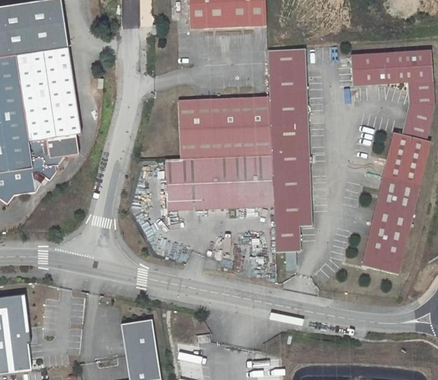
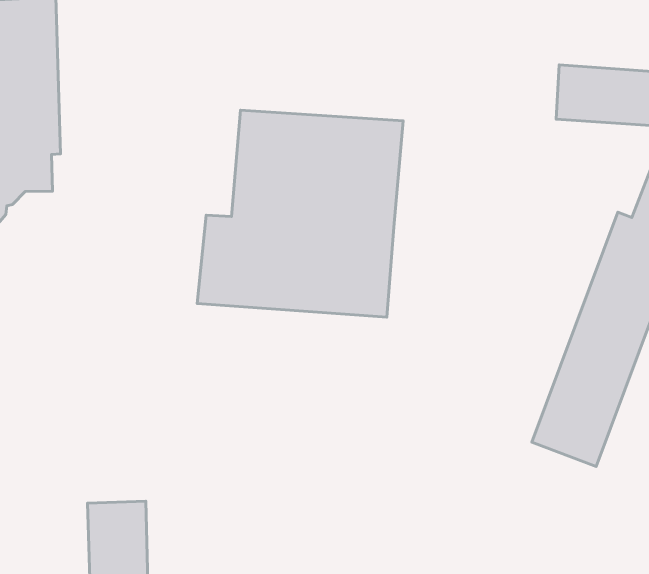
building: [268,44,312,263] -> none

